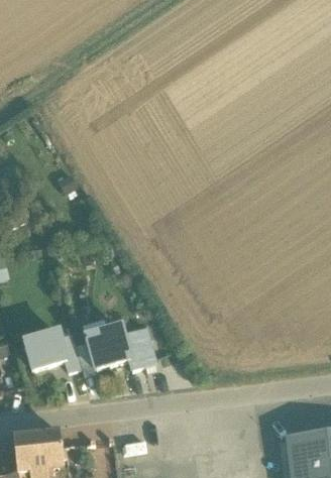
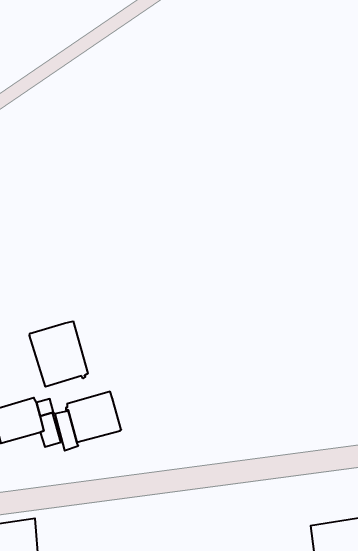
building: none -> [30,321,88,387]
building: [123,328,156,370] -> none

